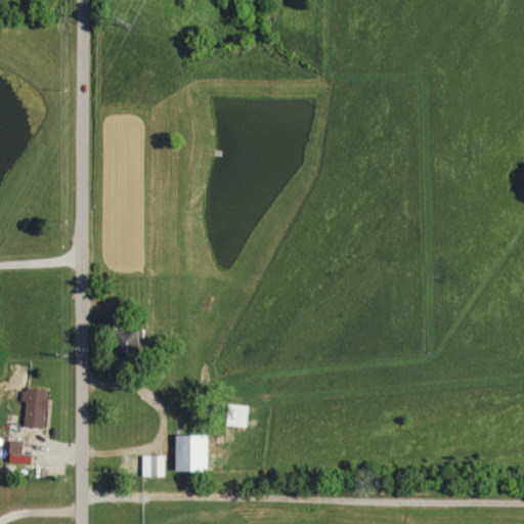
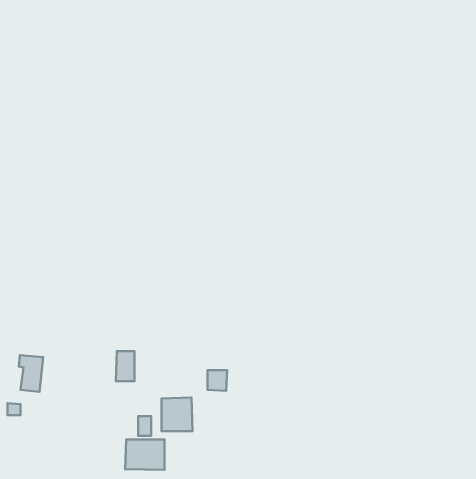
building: [118,330,138,362] -> [116,351,135,381]
building: none -> [125,439,165,470]

